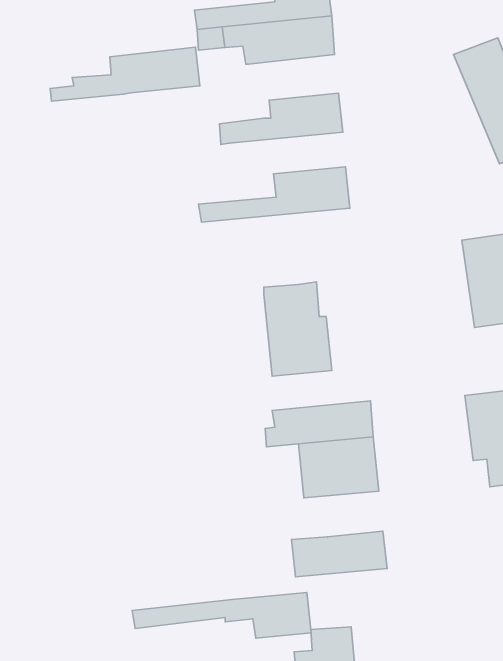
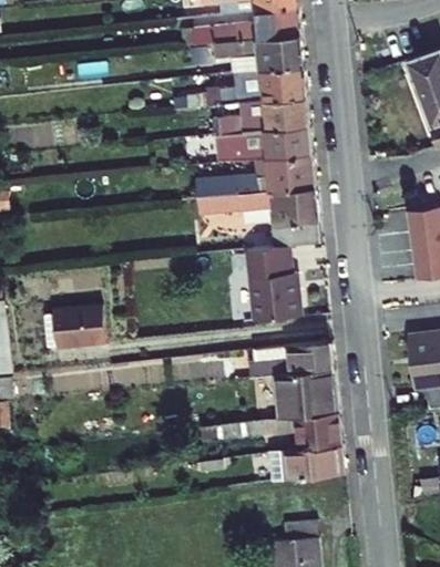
building: [50,47,200,101] -> [186,63,306,106]
building: none -> [216,125,311,163]
building: none -> [196,186,321,247]
building: none -> [43,306,104,347]
building: [132,593,311,638] -> [198,412,341,449]

